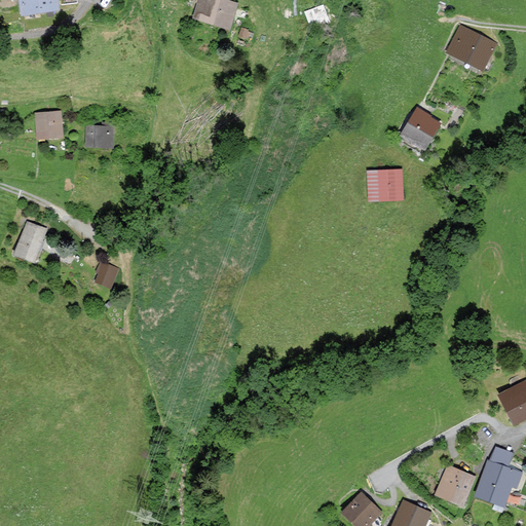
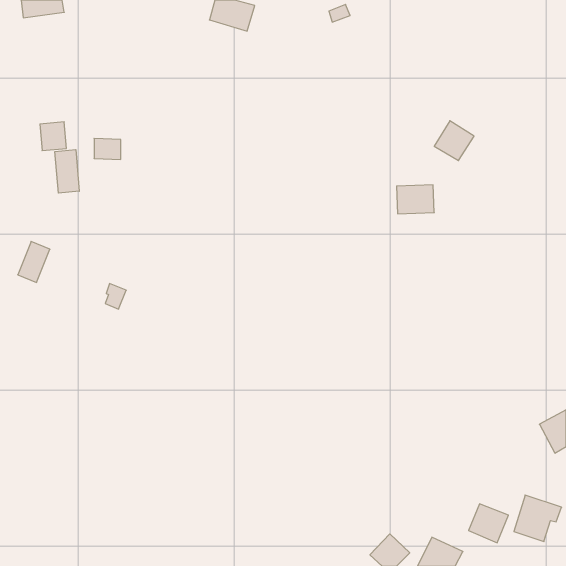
building: [448,25,496,68] -> none
building: none -> [55,150,79,193]

